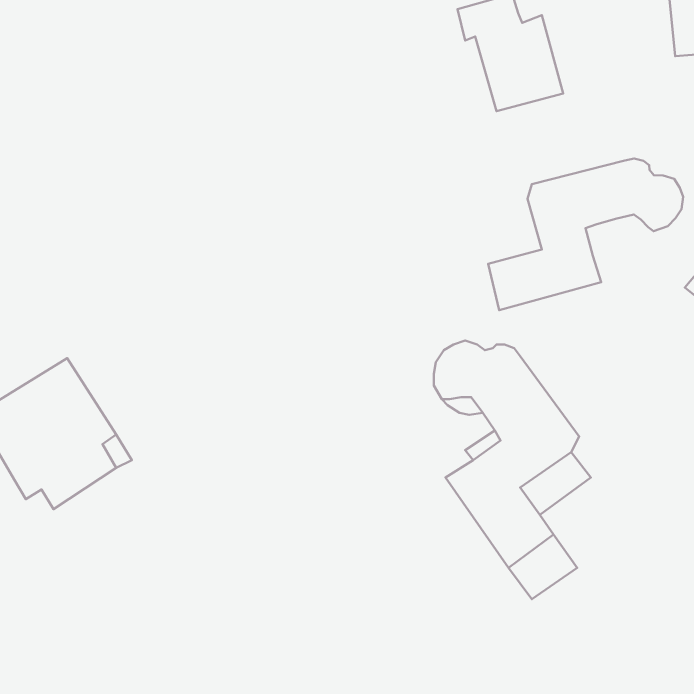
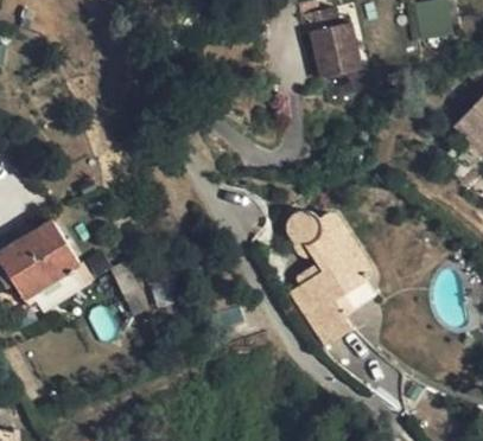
building: [488,158,683,310] -> none

